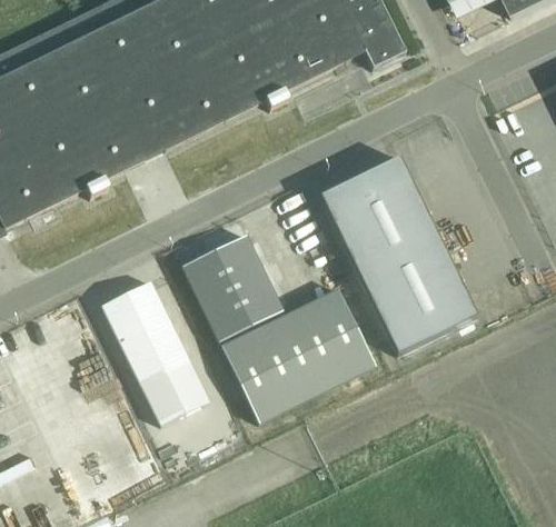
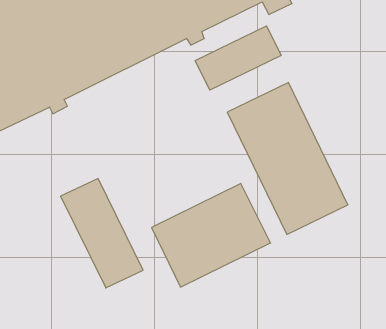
building: none -> [195,26,281,90]
building: [182,235,284,341] -> none

